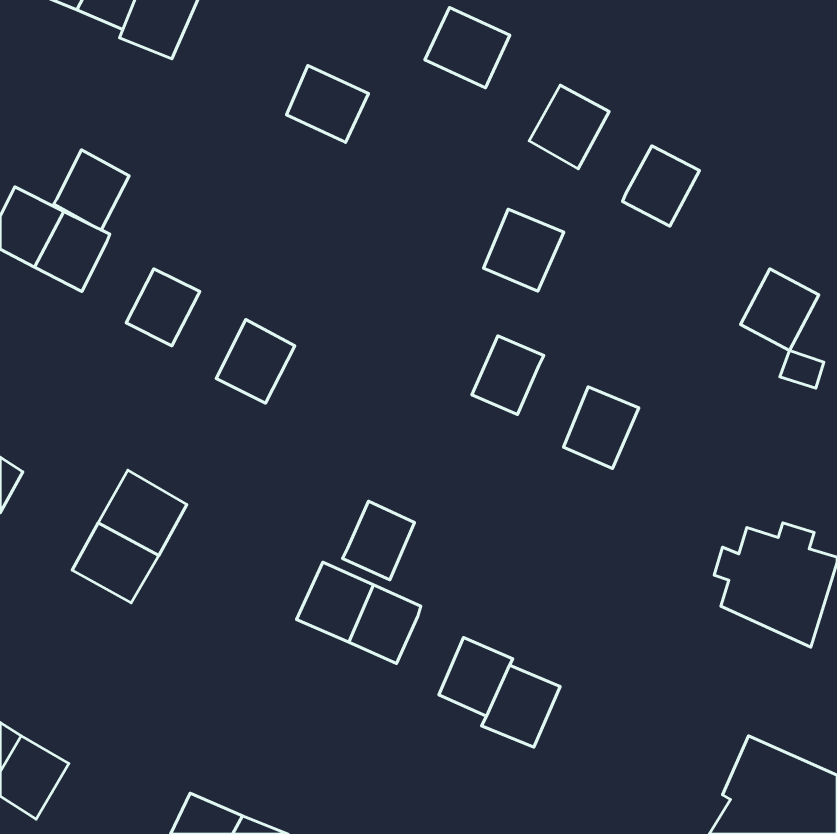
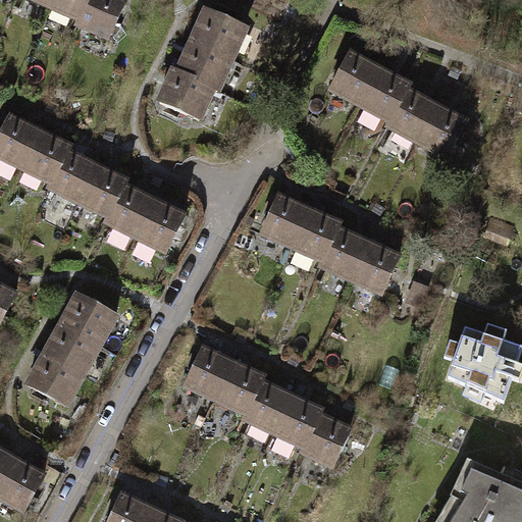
building: [425,7,510,88] -> [192,8,245,58]
building: none -> [159,69,213,118]
building: none -> [360,69,409,120]
building: [54,150,129,230] -> [49,151,96,201]
building: [484,209,564,291] -> [260,195,310,246]
building: [740,269,819,351] -> [417,106,466,157]
building: none -> [104,184,153,236]
building: none -> [319,227,366,278]
building: [342,501,414,580] -> [244,383,289,432]
building: none -> [28,355,82,406]

